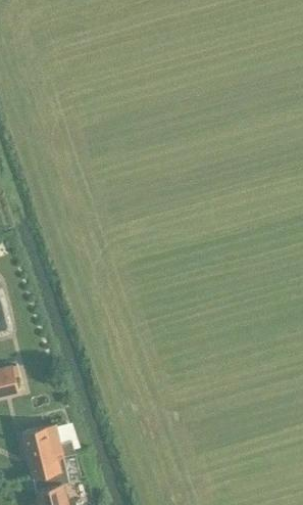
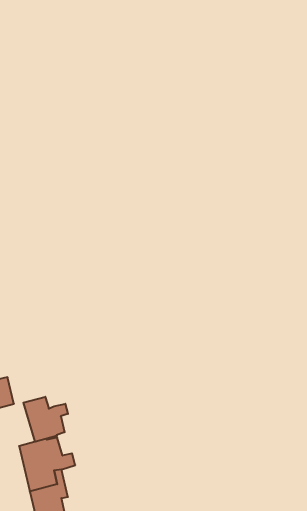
building: none -> [23,397,68,442]

